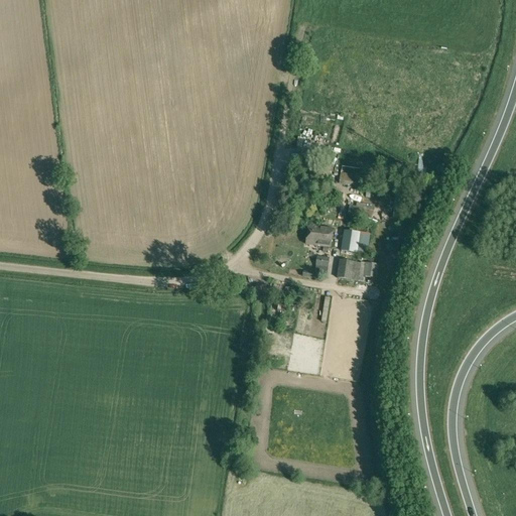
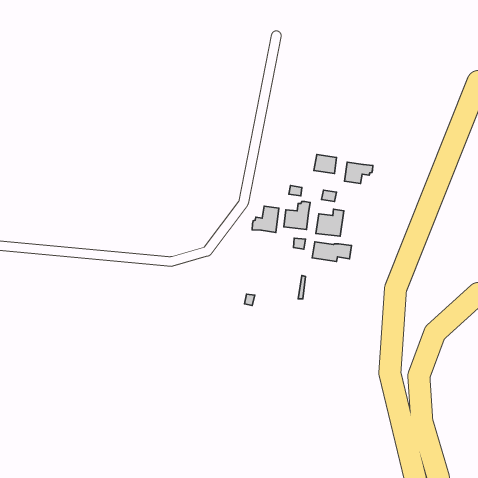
building: none -> [345,162,373,183]
building: none -> [252,206,279,232]

